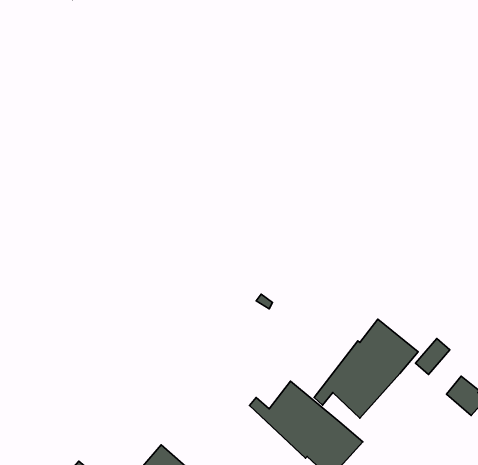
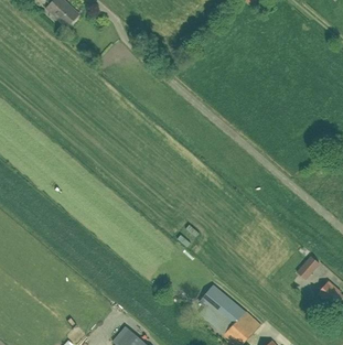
building: [314,319,418,418] -> none

